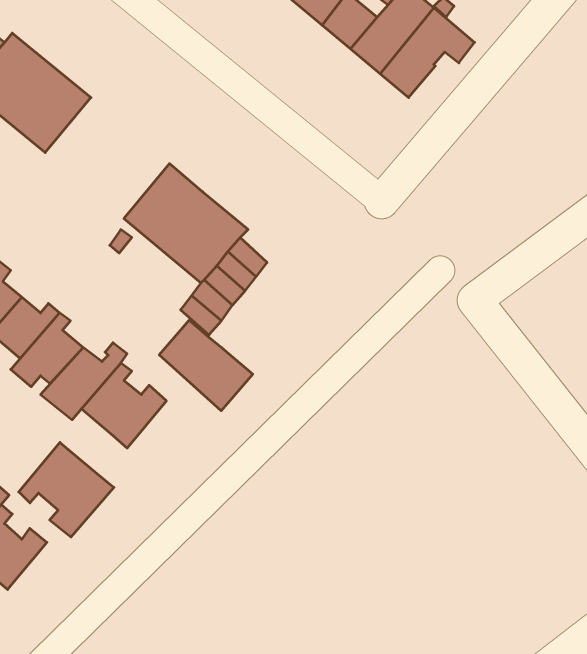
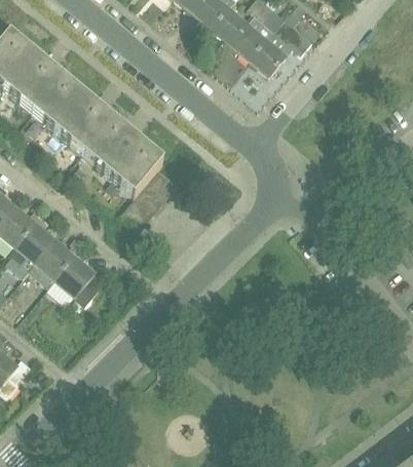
building: none -> [31,76,112,155]
building: [159,320,253,411] -> none
building: [19,442,114,537] -> none

